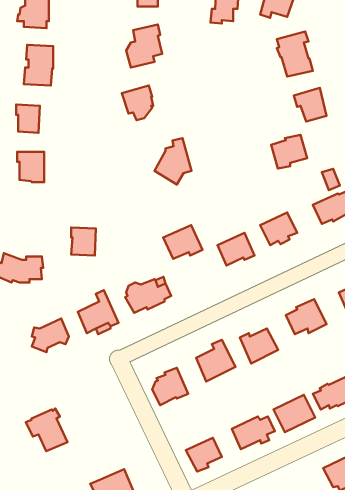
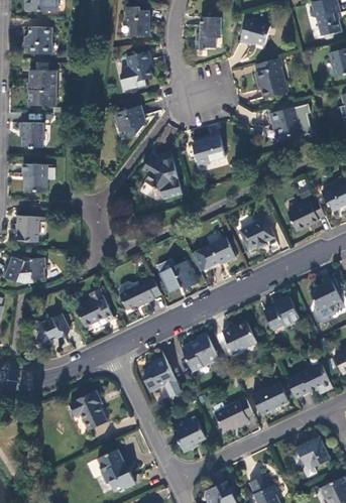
building: [271,135,307,168] -> [193,135,225,165]
building: [163,225,202,259] -> [160,261,196,291]
building: [71,227,96,256] -> [17,216,39,241]
building: [26,409,68,451] -> [70,390,107,428]

